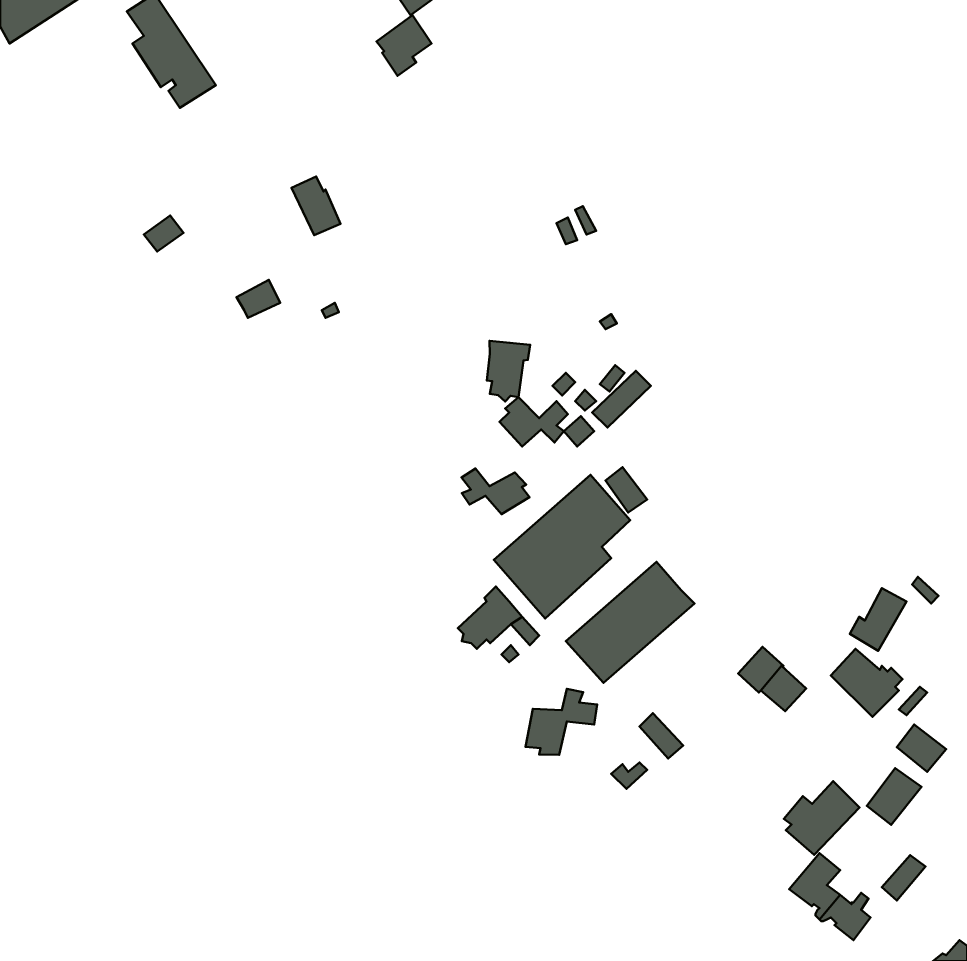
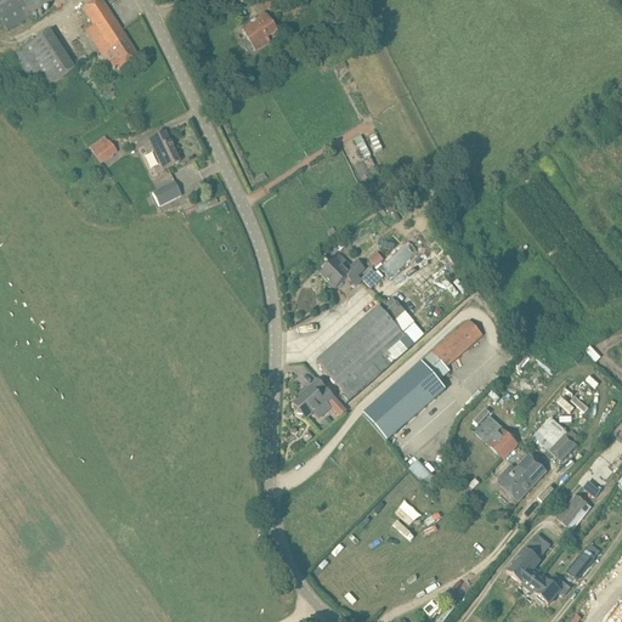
building: none -> [13,29,74,90]
building: [291,176,341,235] -> [148,130,180,168]
building: [487,341,530,402] -> none
building: [461,468,530,514] -> none
building: none -> [422,318,482,379]
building: [526,689,597,755] -> none
building: [784,781,860,855] -> [498,453,547,501]

